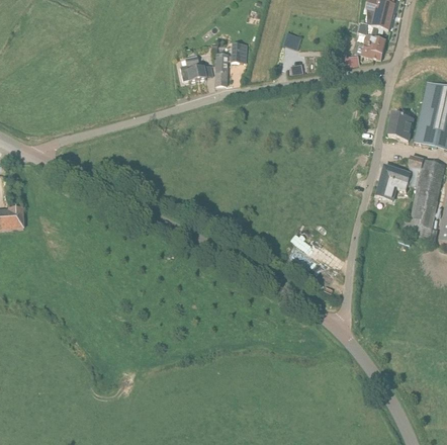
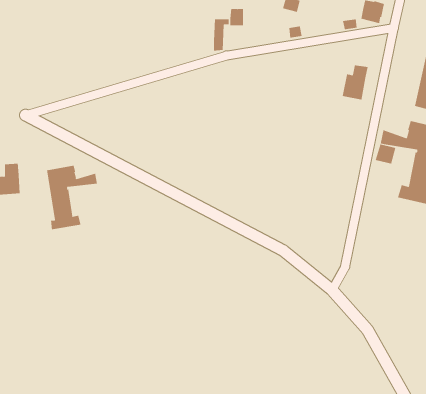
building: [179,55,205,81] -> none
building: [389,102,416,138] -> [342,65,368,100]
building: none -> [47,165,97,230]

